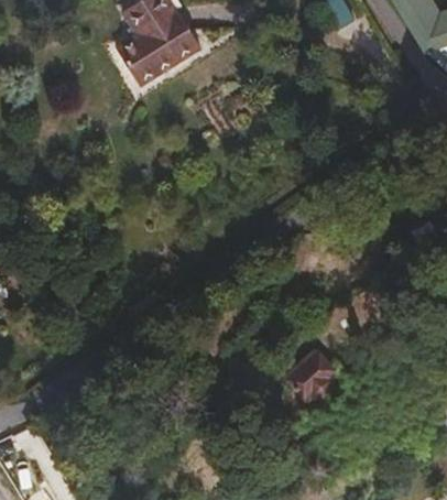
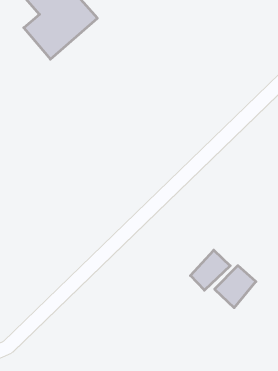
building: none -> [190,250,230,290]

